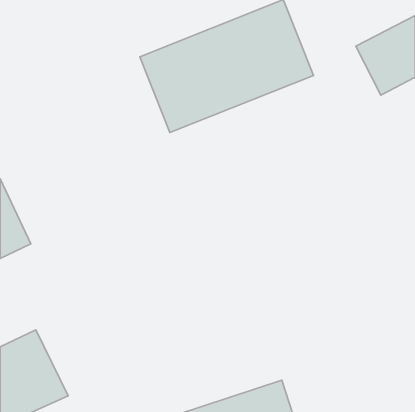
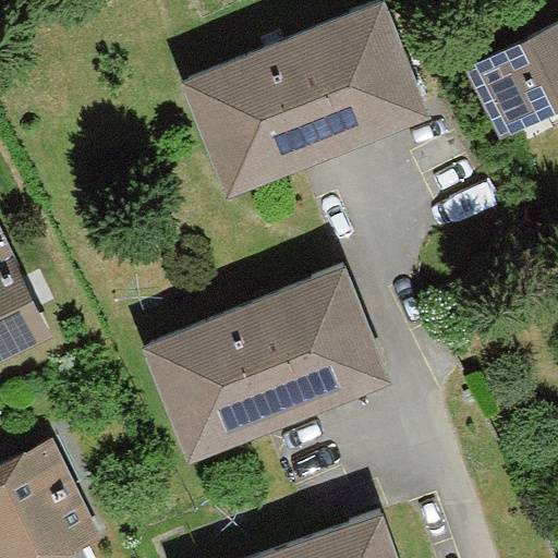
building: none -> [148,268,383,447]

